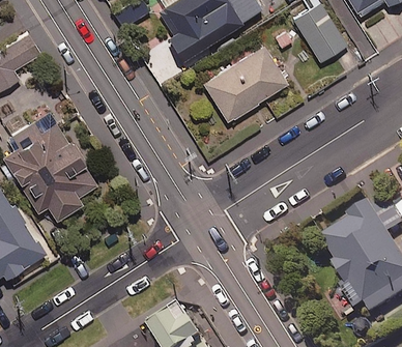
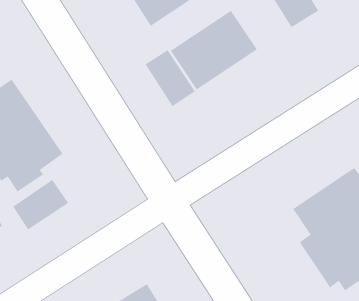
building: none -> [145,49,196,107]
building: none -> [12,179,69,231]

